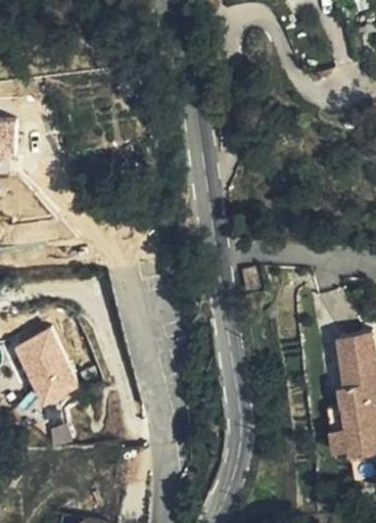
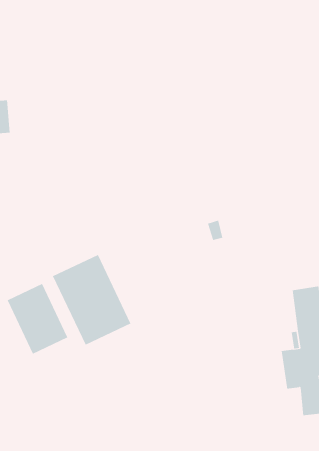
building: none -> [52,254,131,346]

